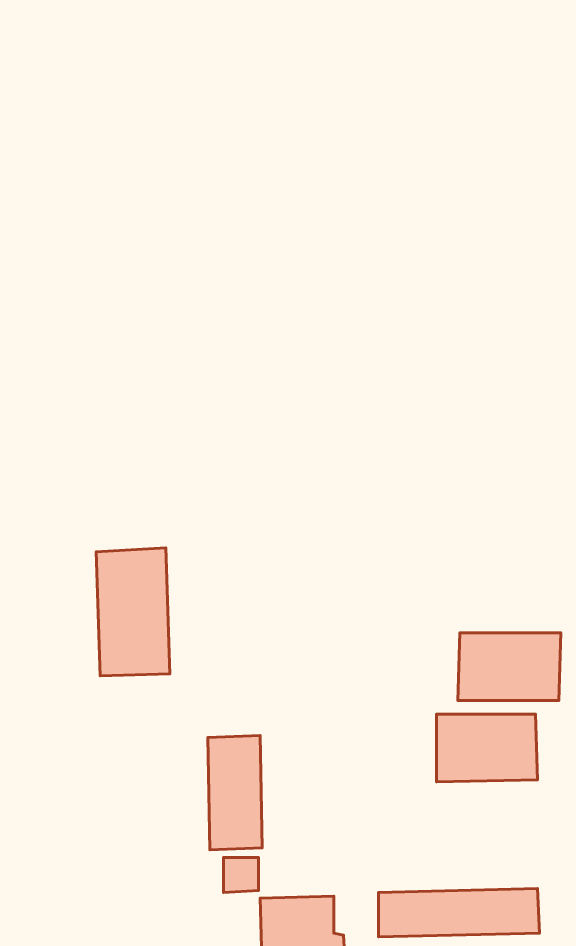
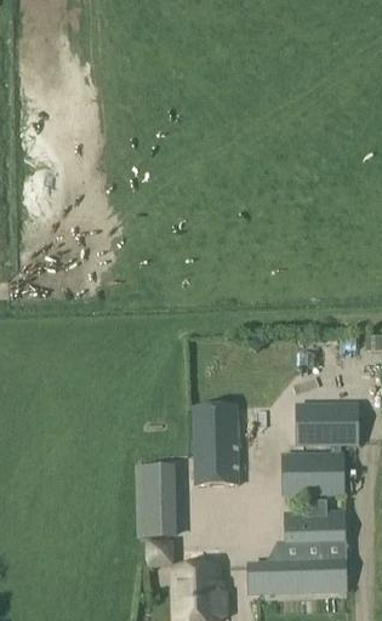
building: [96,548,170,676] -> [192,404,238,484]
building: none -> [285,498,344,541]

